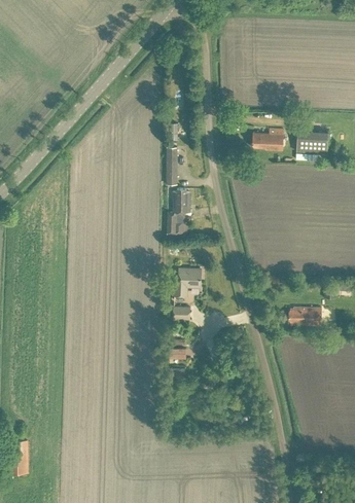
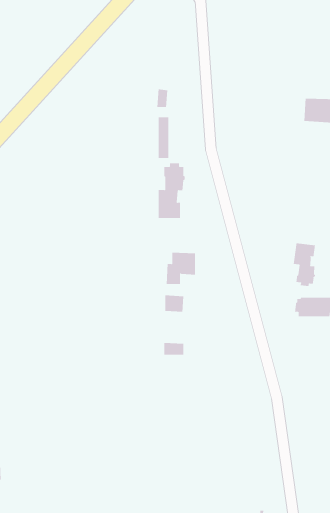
building: [252,129,283,150] -> none
building: none -> [293,243,316,287]

